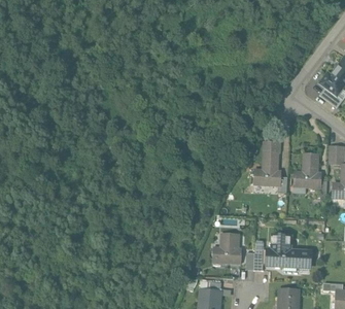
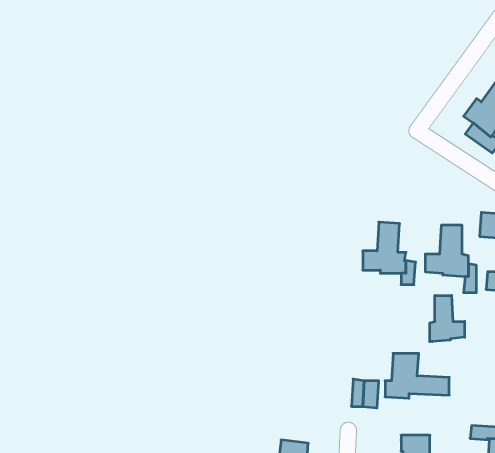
building: none -> [430,295,465,342]
building: [212,234,241,263] -> none

